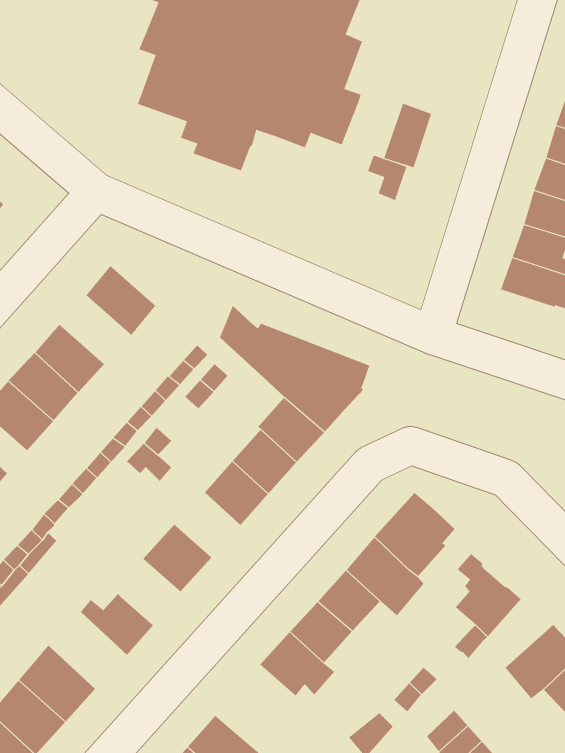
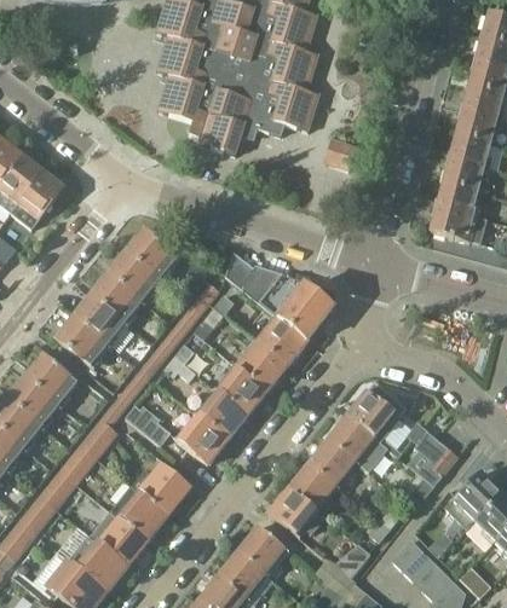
building: [384,103,432,168] -> none
building: none -> [108,251,161,301]
building: none -> [200,390,248,438]
building: none -> [123,405,171,445]
building: none -> [113,482,171,538]
building: none -> [237,527,284,573]

